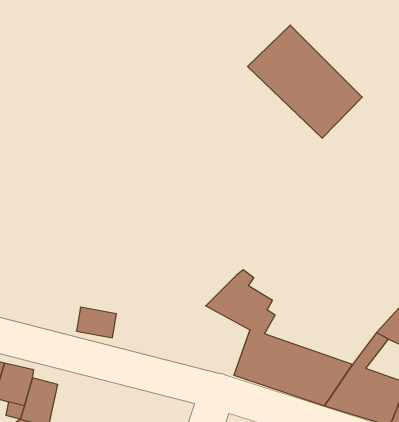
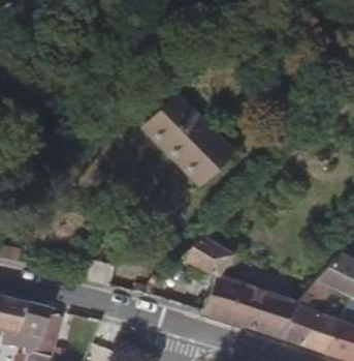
building: [248,25,362,138] -> [143,95,232,183]

